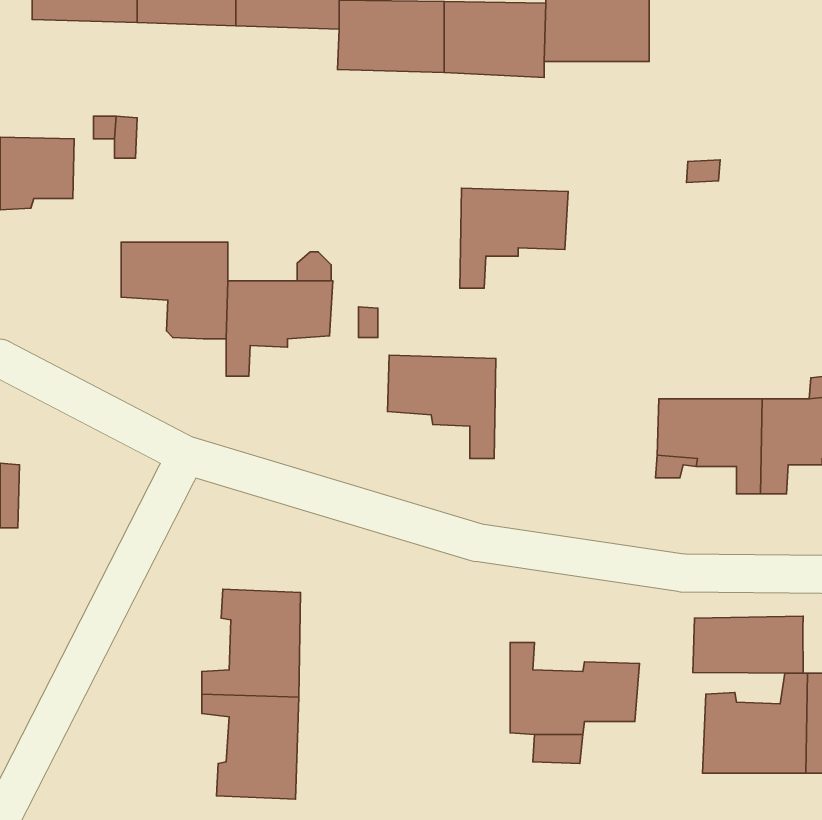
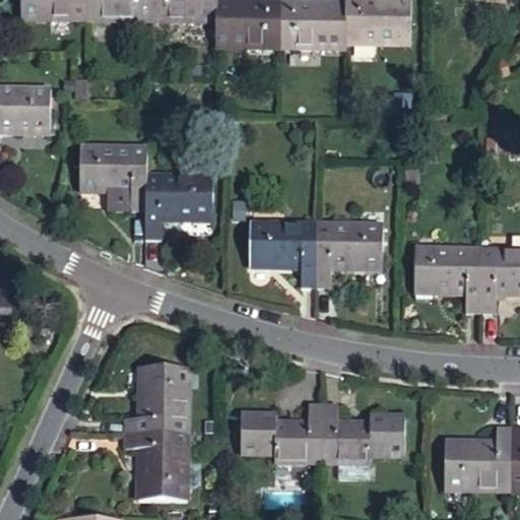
building: [460,188,568,288] -> [313,225,381,288]
building: [693,616,803,673] -> none
building: none -> [242,403,323,461]

